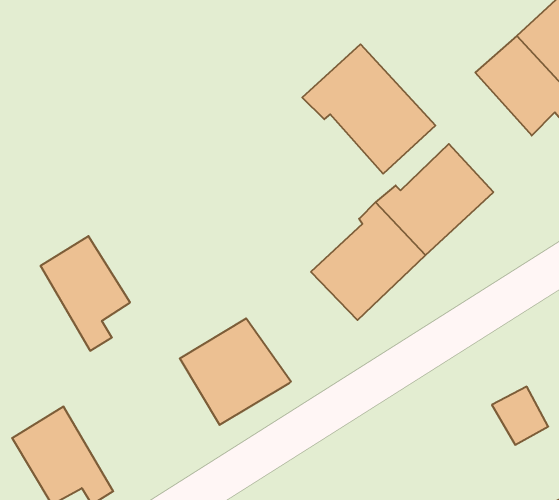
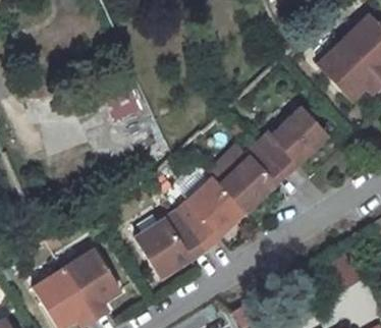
building: [302,44,435,174] -> none
building: [40,236,130,351] -> [64,250,119,320]
building: none -> [176,180,244,253]

